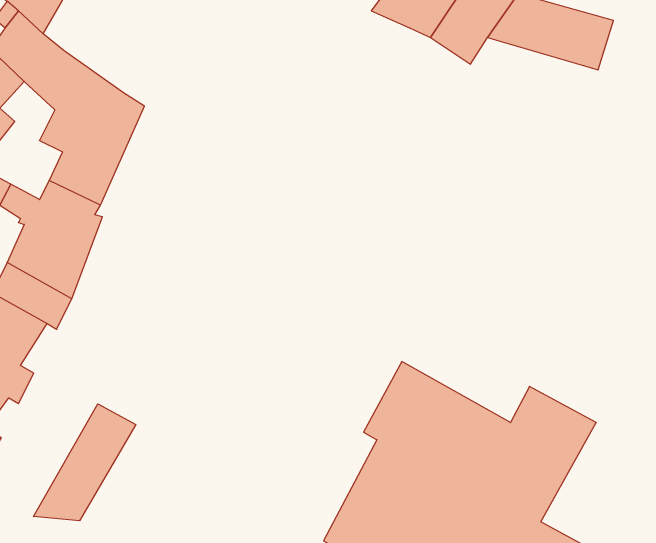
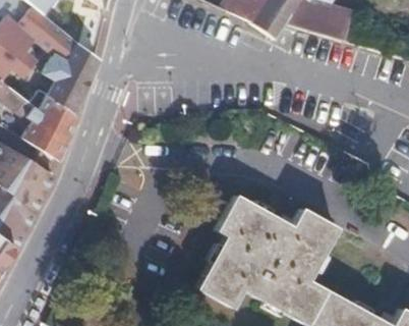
building: [34,404,136,521] -> none

